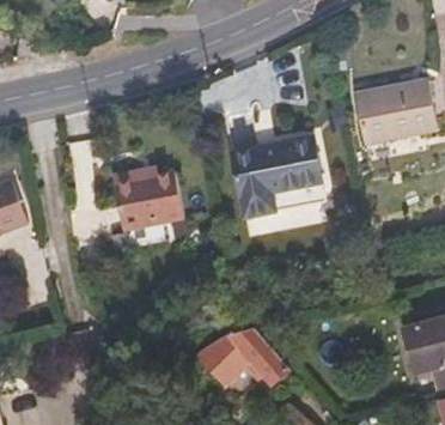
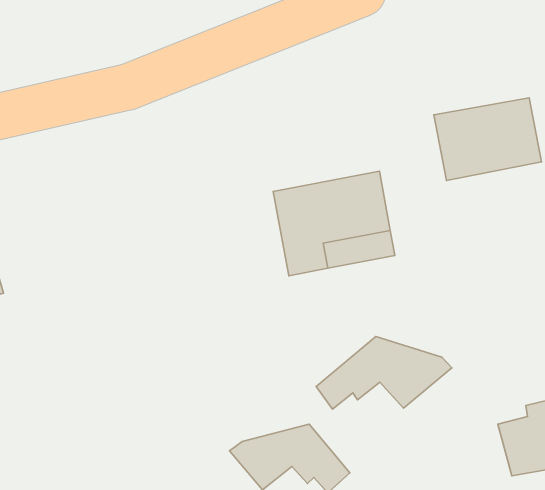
building: [111,170,183,248] -> none
building: none -> [316,336,452,409]

